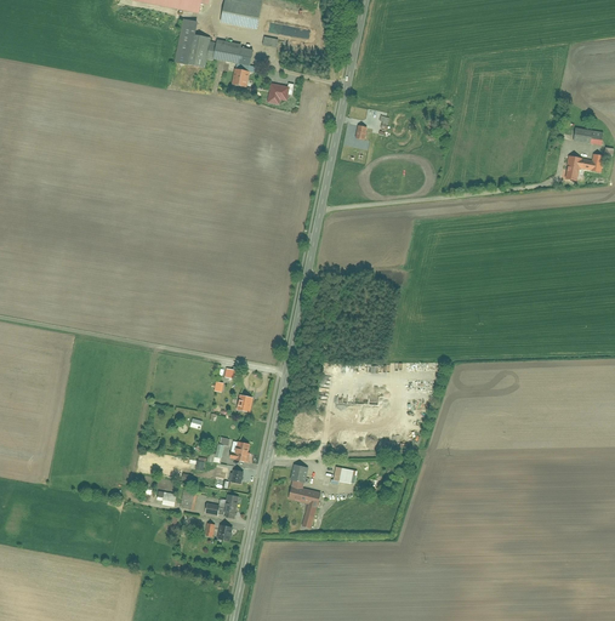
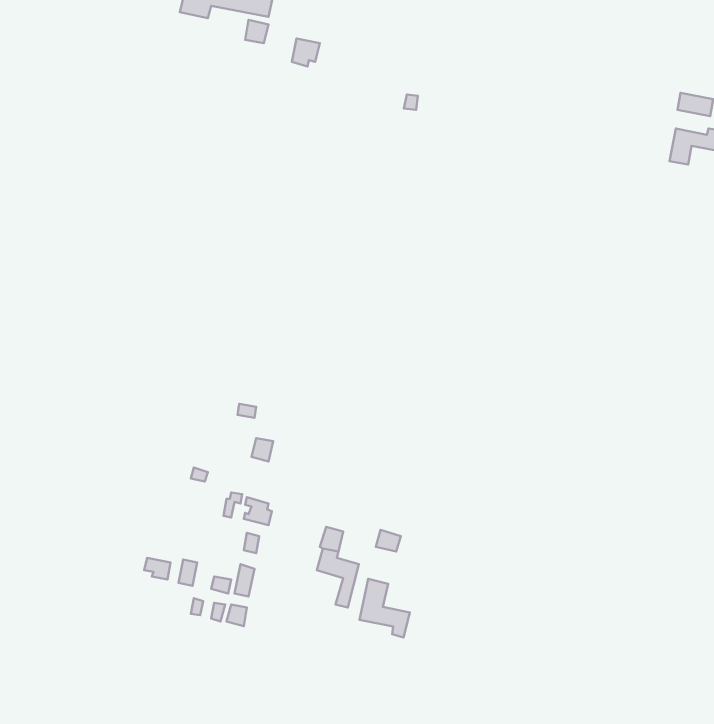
building: none -> [359,579,410,637]

